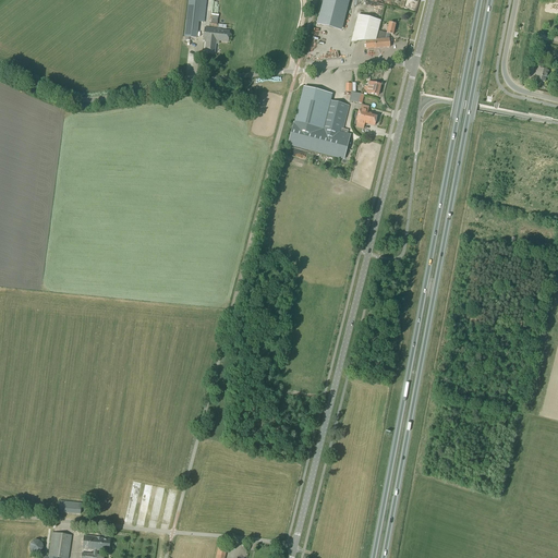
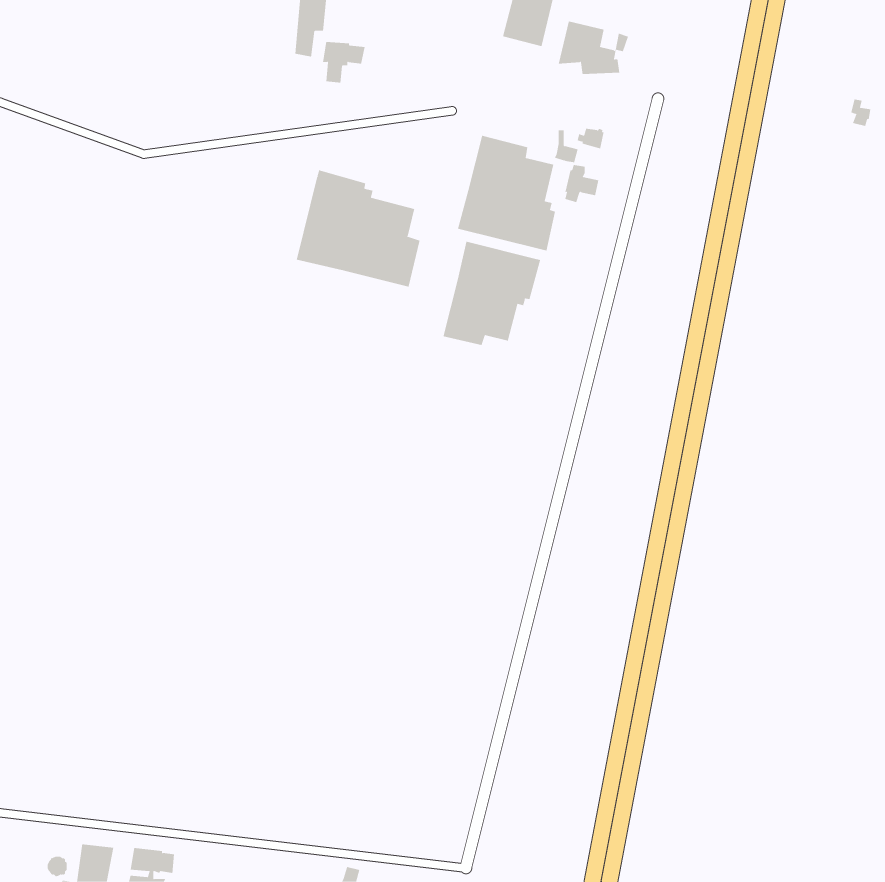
building: none -> [296,170,420,287]
building: none -> [443,241,541,346]

